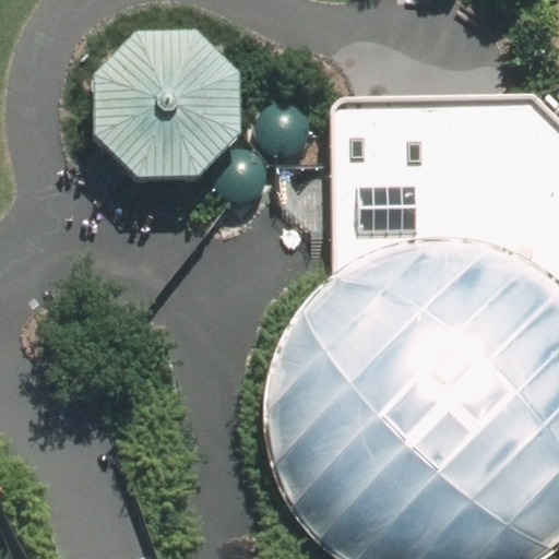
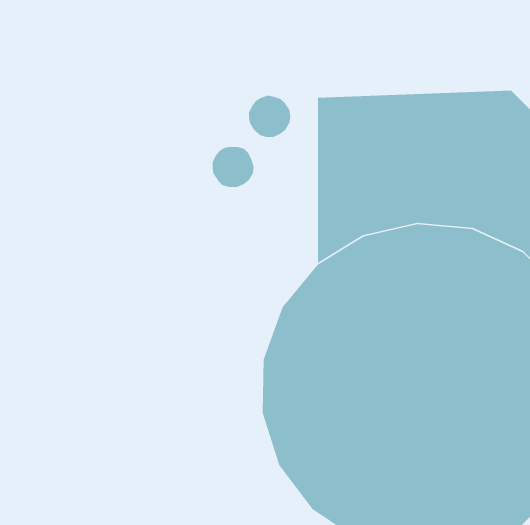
building: [91,29,240,183] -> none

